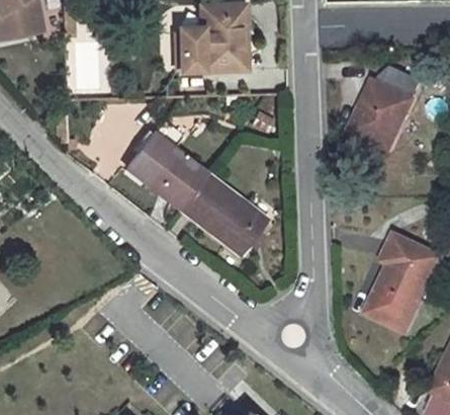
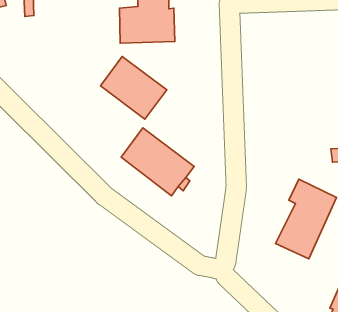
building: [349,64,421,150] -> none
building: [126,132,206,208] -> [100,56,167,119]

